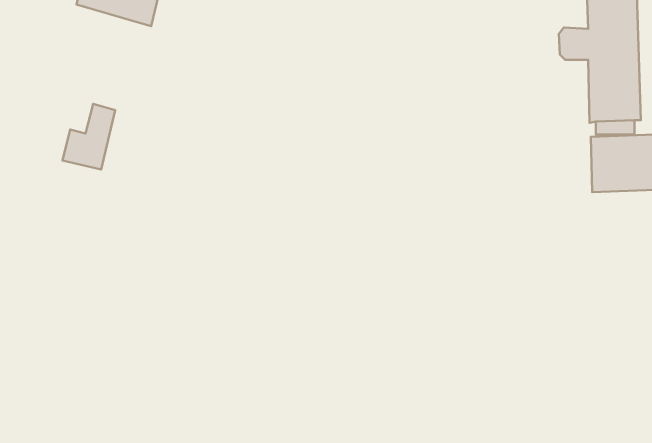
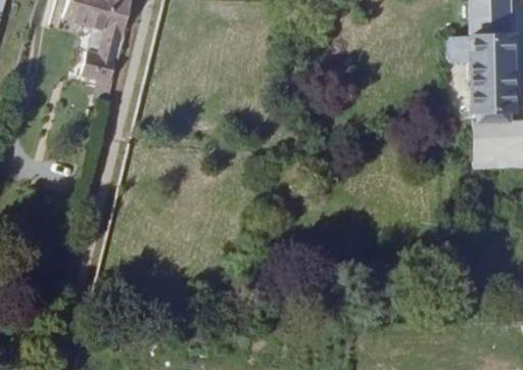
building: [62,104,115,169] -> [82,29,124,81]

